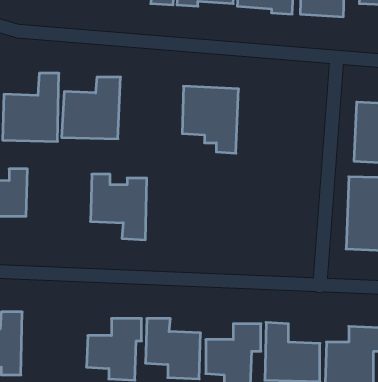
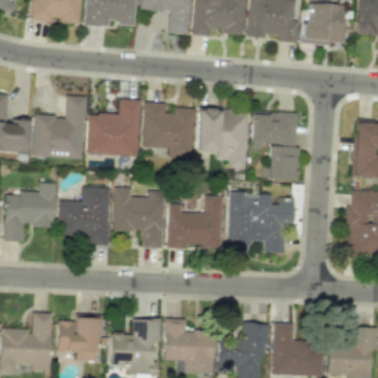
building: none -> [144,101,196,157]
building: none -> [253,111,300,181]
building: none -> [61,186,111,246]
building: none -> [229,193,295,252]
building: none -> [169,196,224,248]
building: none -> [58,318,100,360]

